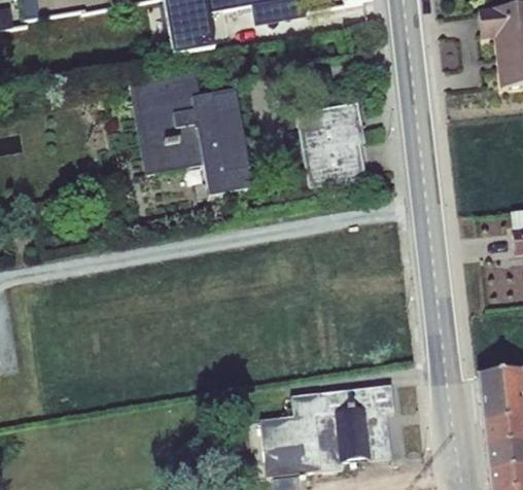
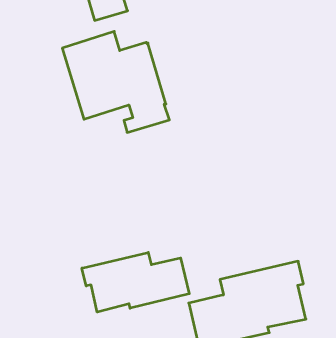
building: [297,101,367,187] -> none
building: none -> [82,252,189,312]

